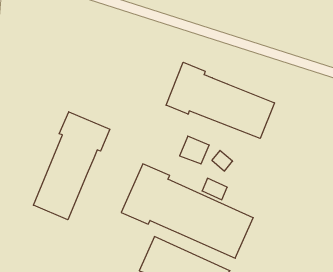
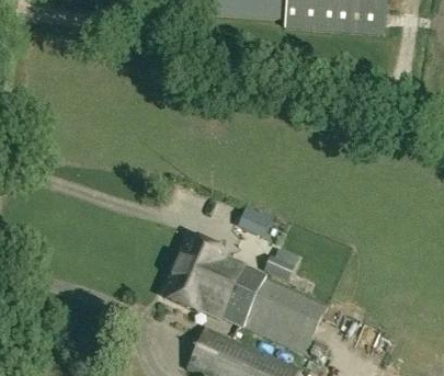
building: [166,62,274,138] -> none
building: [33,112,110,220] -> none

